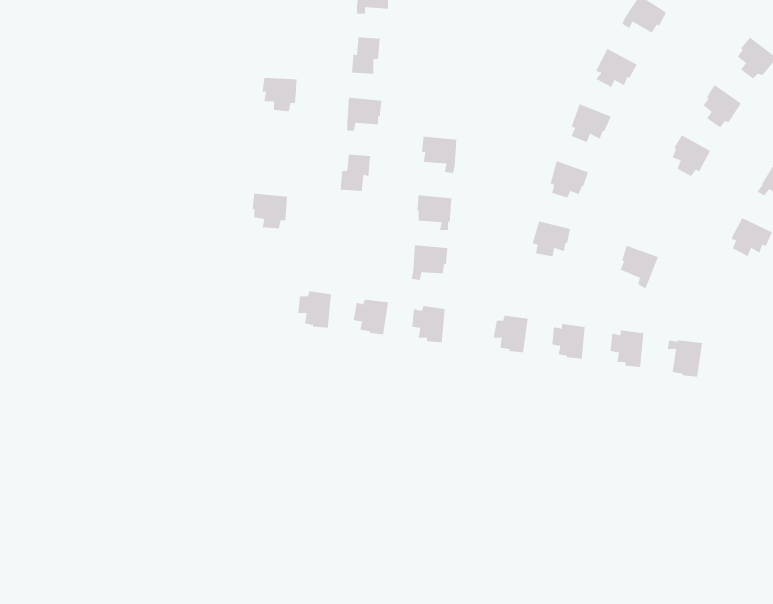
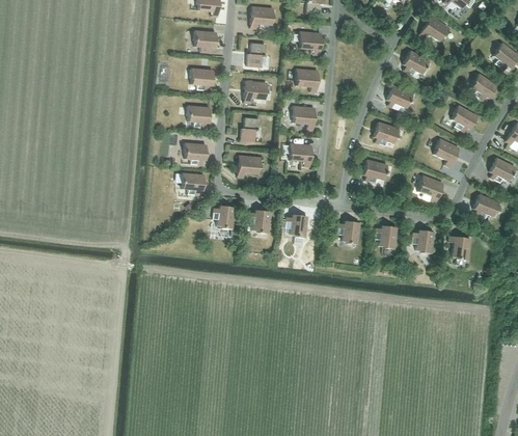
building: none -> [194,29,216,52]
building: none -> [299,30,321,54]
building: none -> [295,67,318,91]
building: none -> [187,105,210,127]
building: none -> [434,137,459,166]
building: none -> [182,171,203,194]
building: [411,245,448,281] -> [237,154,261,176]
building: none -> [473,193,499,217]

